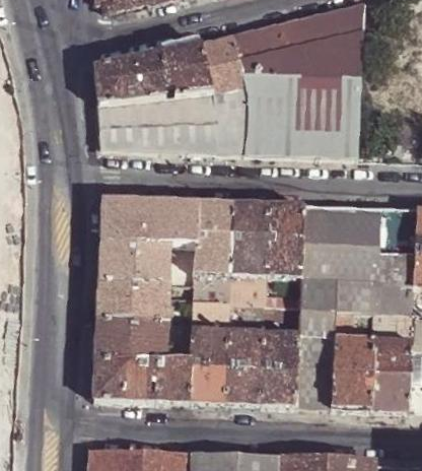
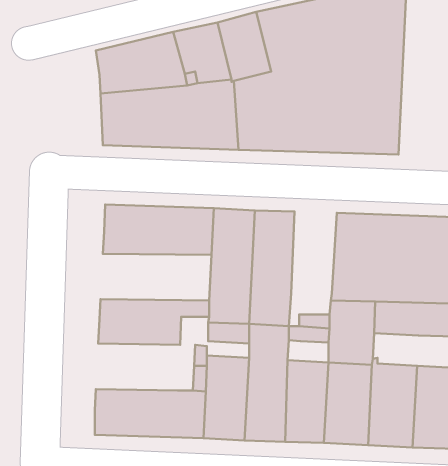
building: [264,205,303,276] -> none
building: [98,242,195,282] -> none
building: [94,320,167,360] -> none

